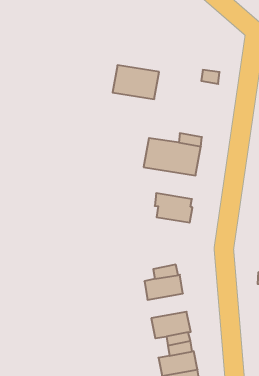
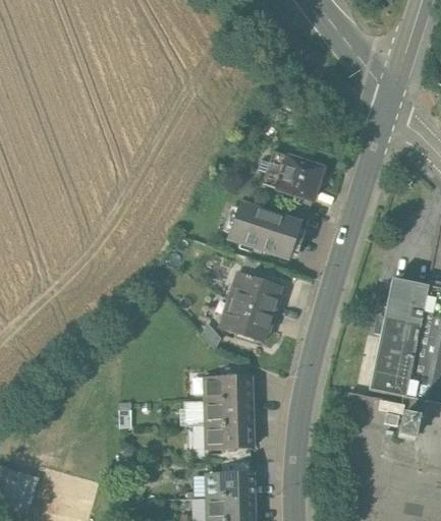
building: [113,65,159,99] -> [262,152,323,200]
building: none -> [219,302,273,342]
building: none -> [206,401,252,425]

